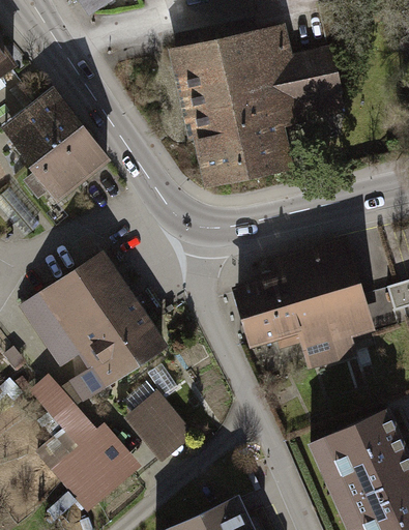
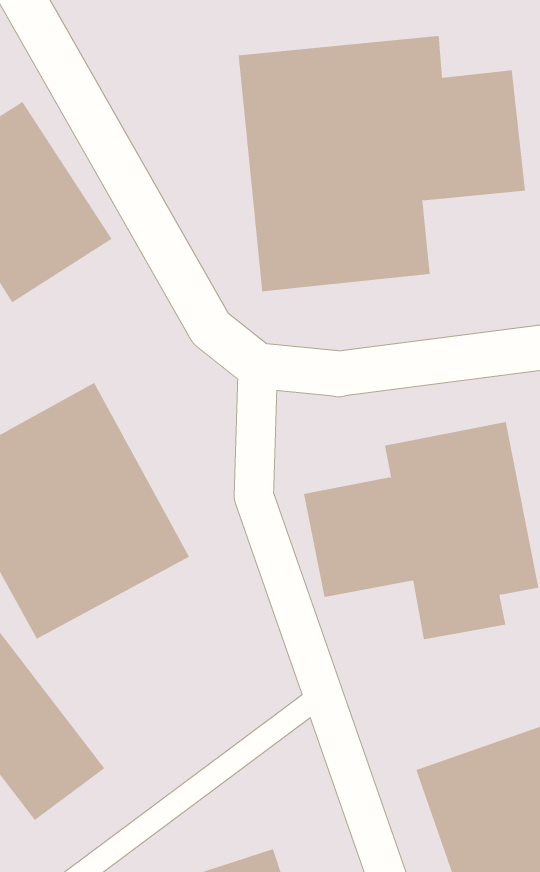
building: [122,385,194,458] -> none

